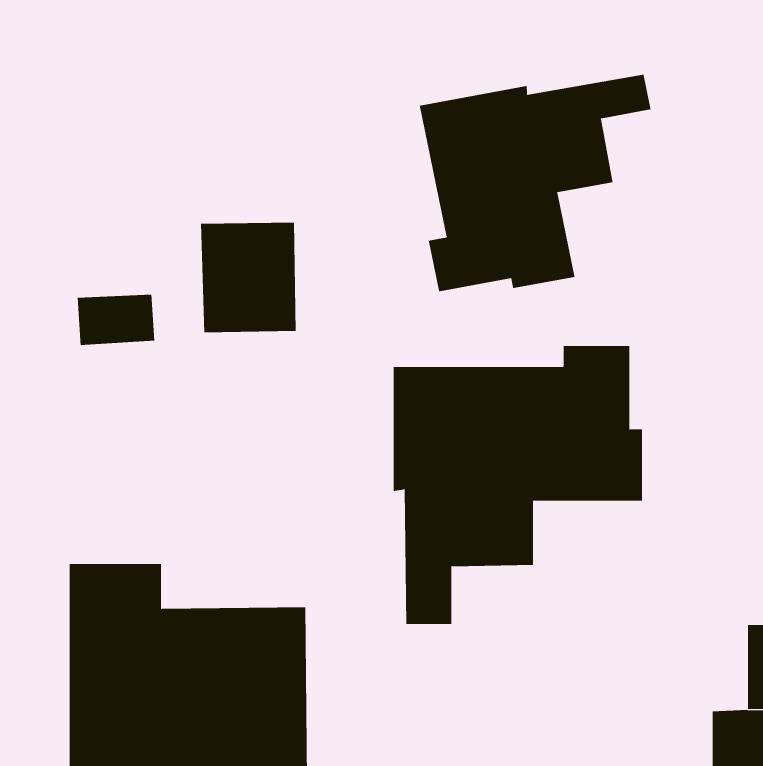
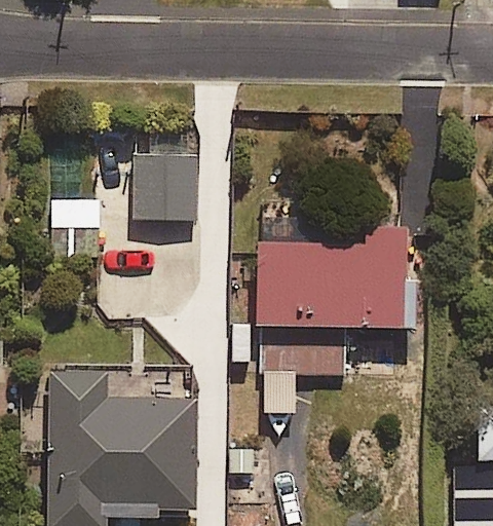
building: [419,74,651,292] -> none

